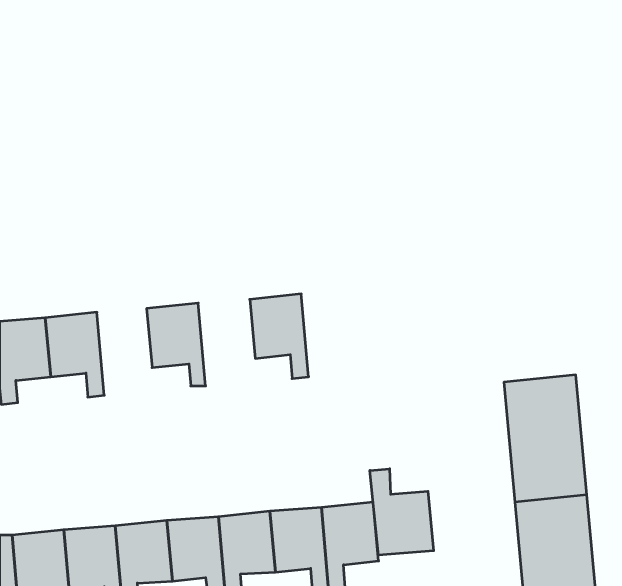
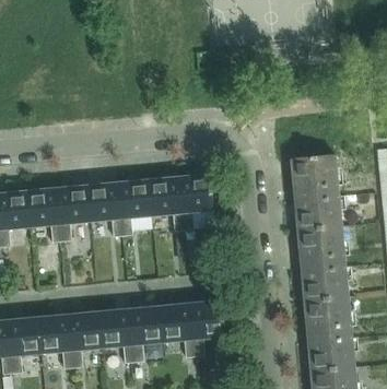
building: none -> [293,155,342,231]
building: none -> [179,175,214,227]
building: none -> [118,181,152,233]
building: none -> [58,187,91,238]
building: [370,469,434,555] -> none

